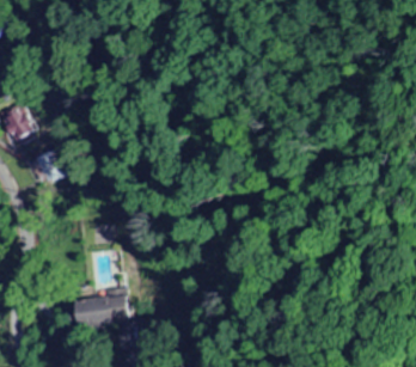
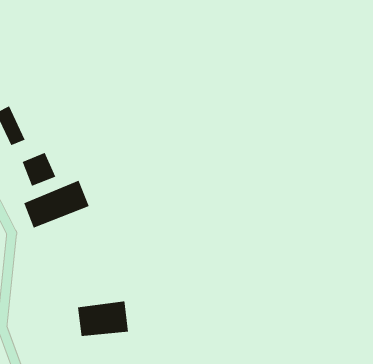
building: none -> [24,180,90,229]

